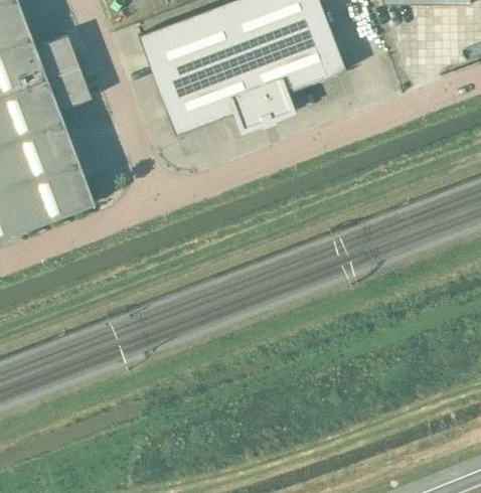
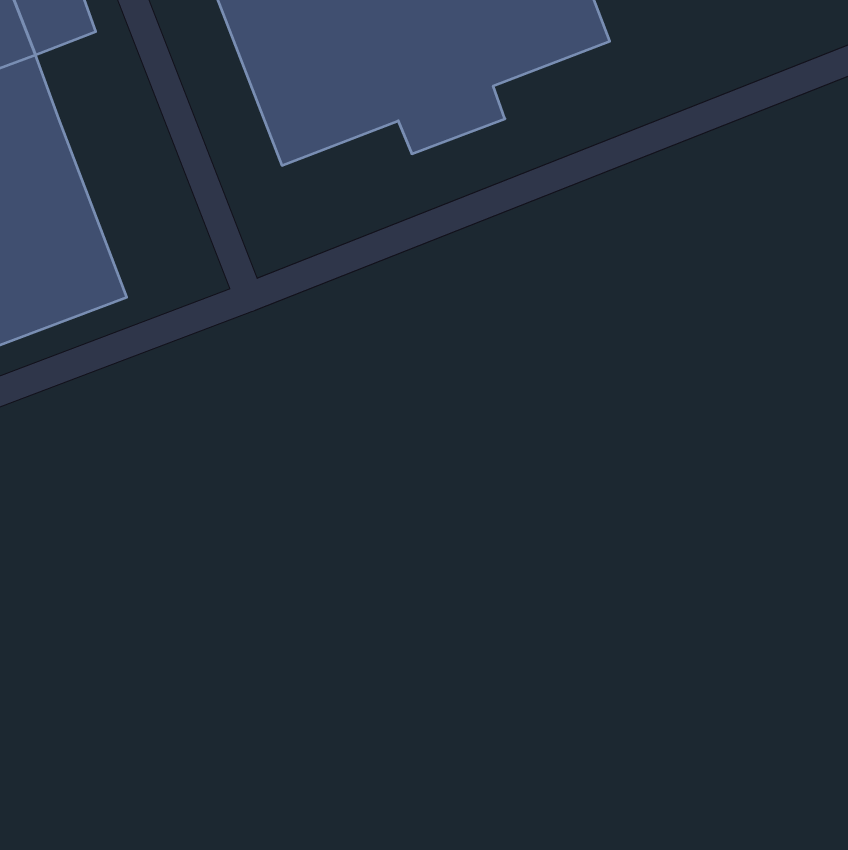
building: [47,65,92,111] -> none

